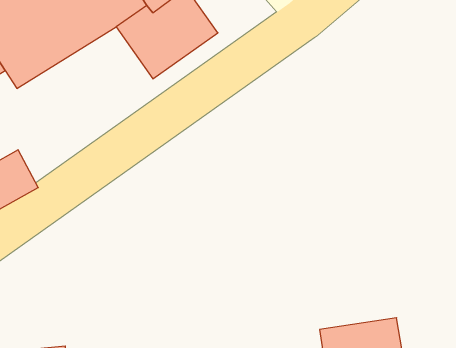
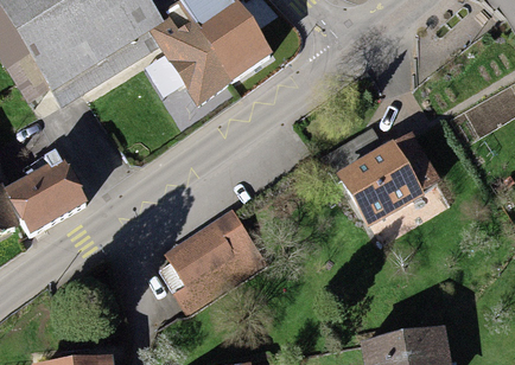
building: none -> [342,139,437,220]
building: none -> [164,213,248,292]

